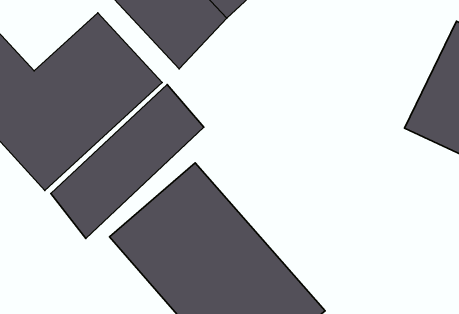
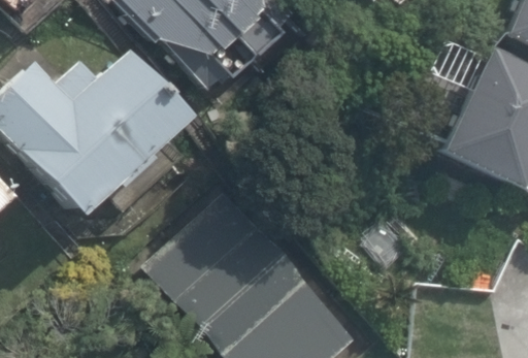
building: [51,85,204,238] -> none

